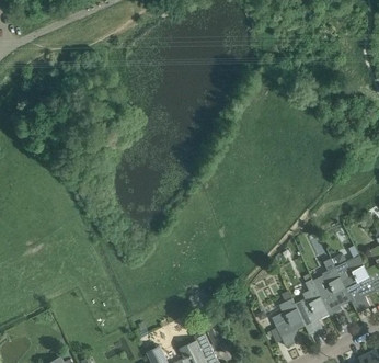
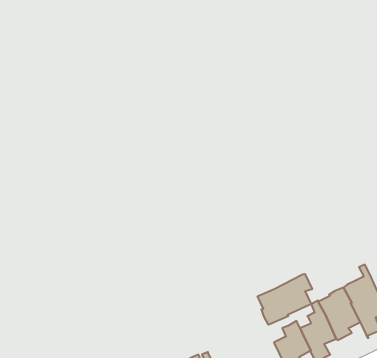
building: none -> [258,274,312,325]

